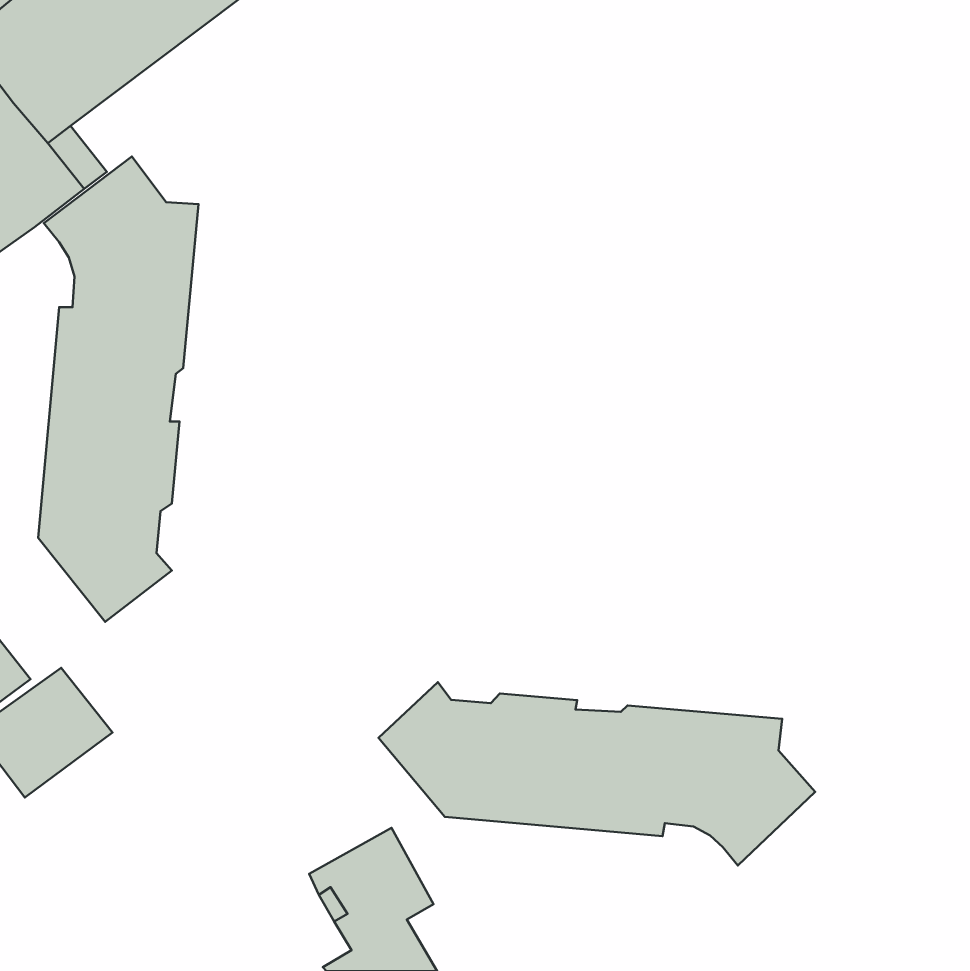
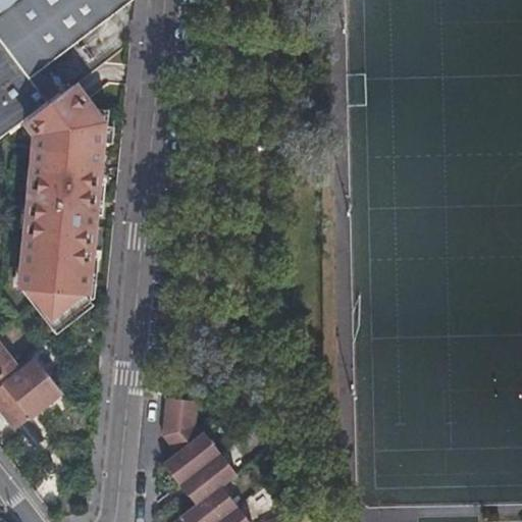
building: [378,682,815,865] -> none
building: none -> [162,397,209,467]

